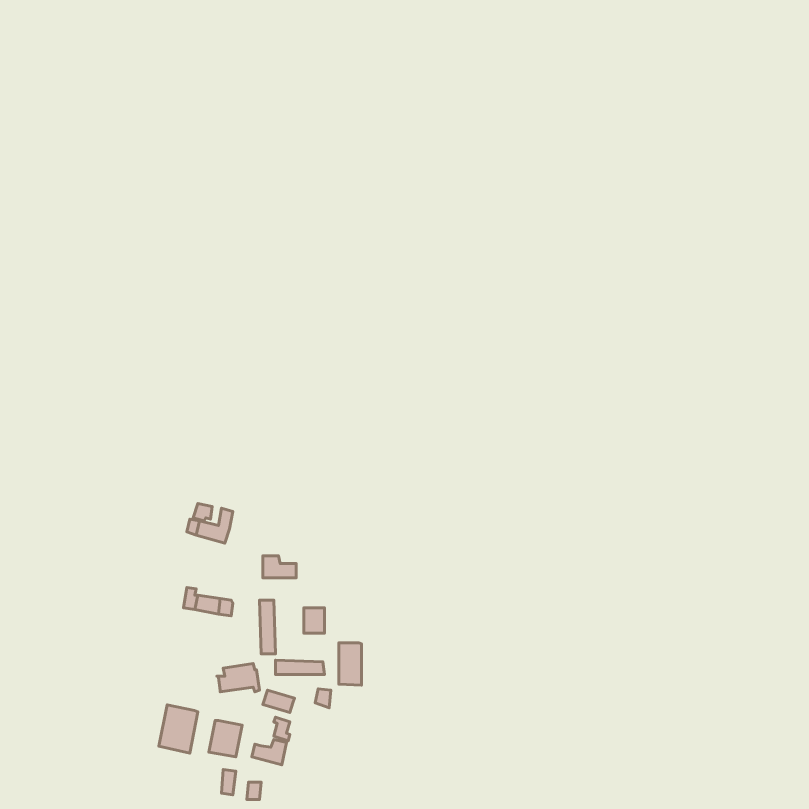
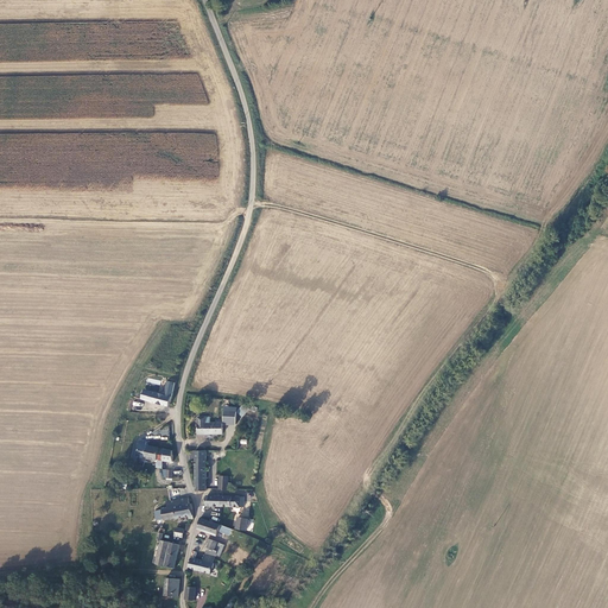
building: [339,643,361,685] -> none
building: [159,705,198,753] -> none

